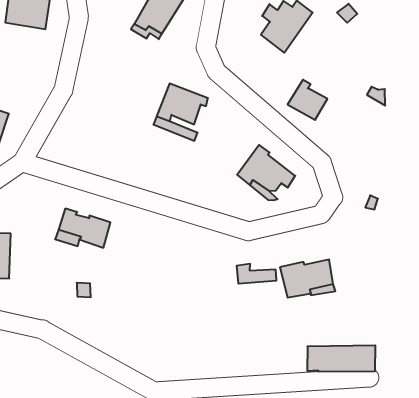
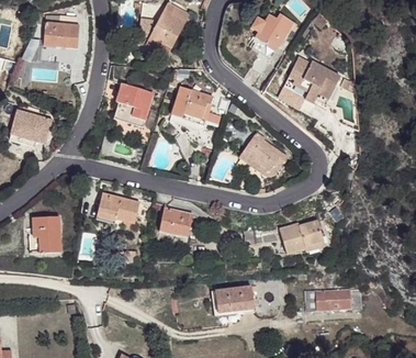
building: none -> [288,56,340,103]
building: none -> [113,82,153,125]
building: none -> [159,206,192,236]
building: none -> [215,284,254,312]

